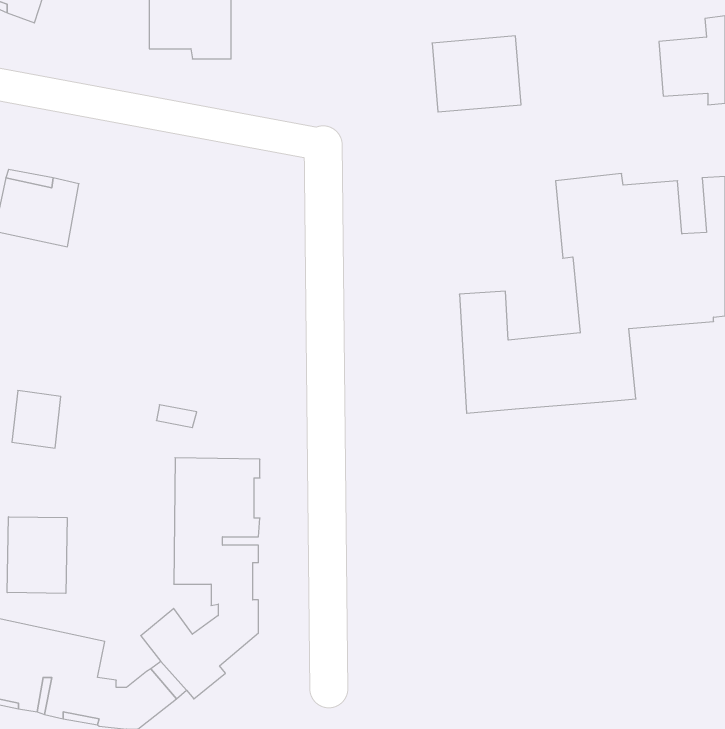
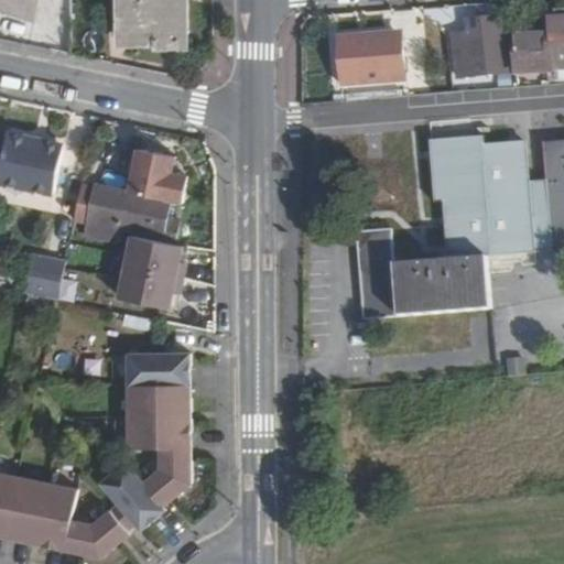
building: none -> [445,13,502,77]
building: none -> [72,147,185,304]
building: [12,391,61,448] -> [24,250,62,294]
building: [7,517,67,593] -> none

